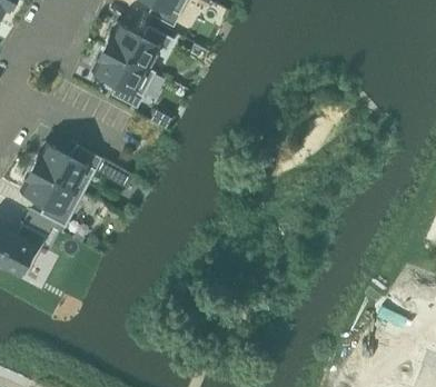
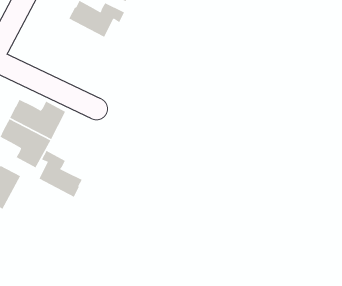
building: [92,46,155,107] -> none
building: none -> [32,150,83,198]

